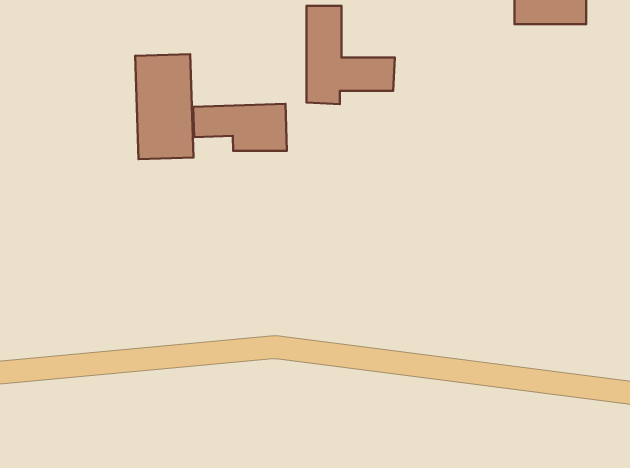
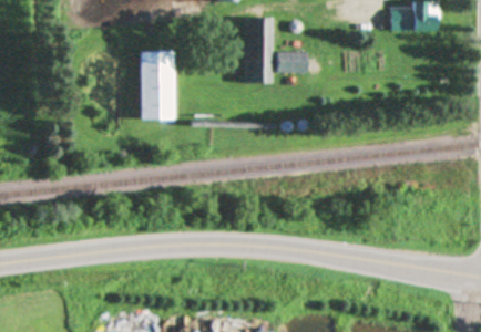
building: [193,104,287,151] -> none

